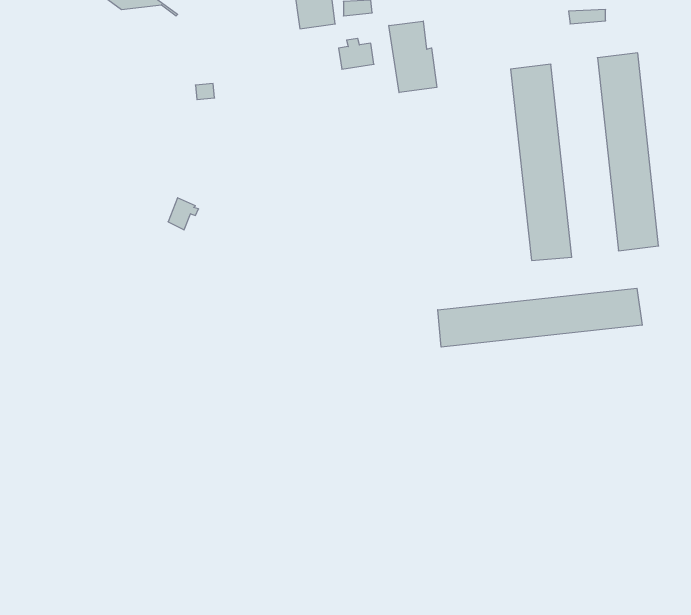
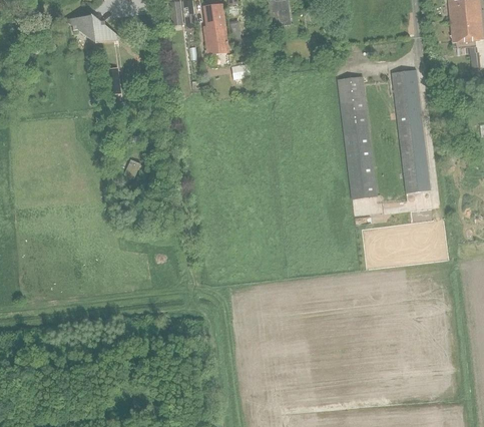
building: [389,21,437,93] -> none
building: [438,288,642,347] -> none

